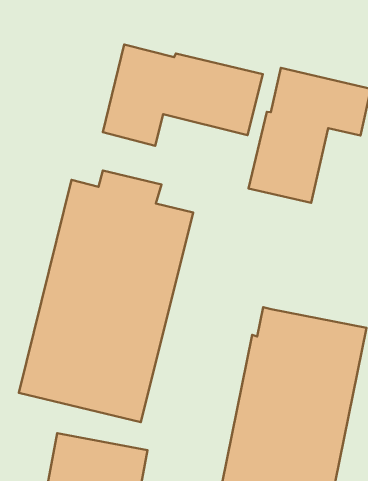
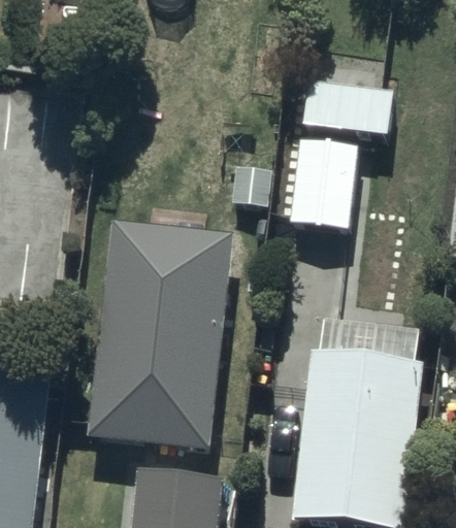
building: [103,45,263,146] -> none

